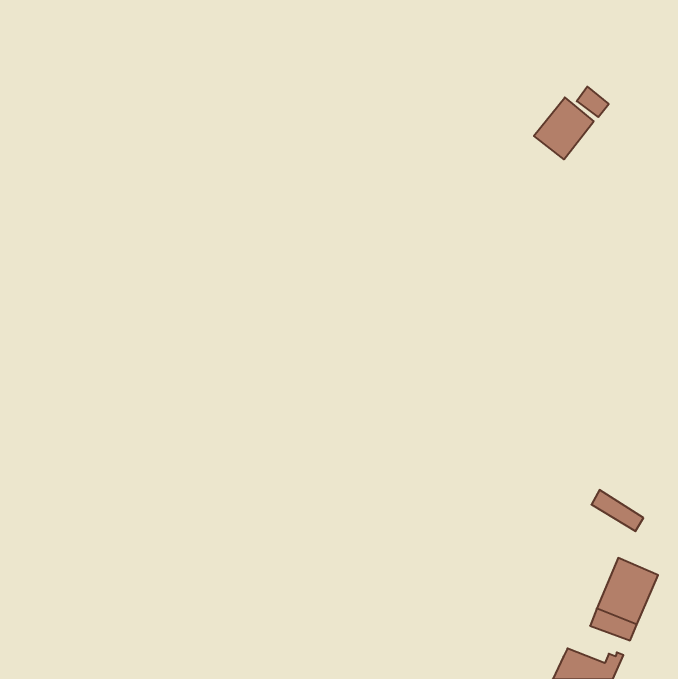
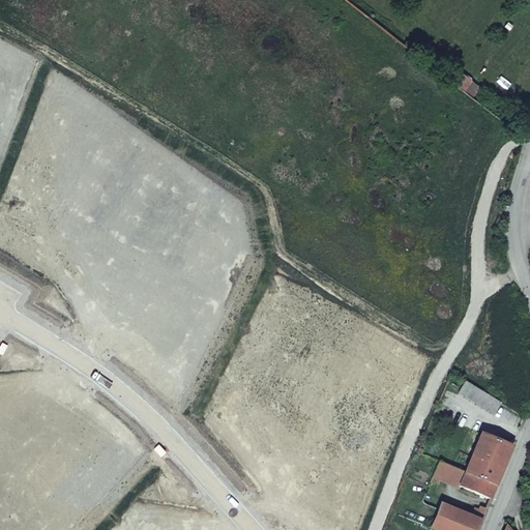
building: [534,97,594,159] -> none
building: none -> [431,462,466,489]

